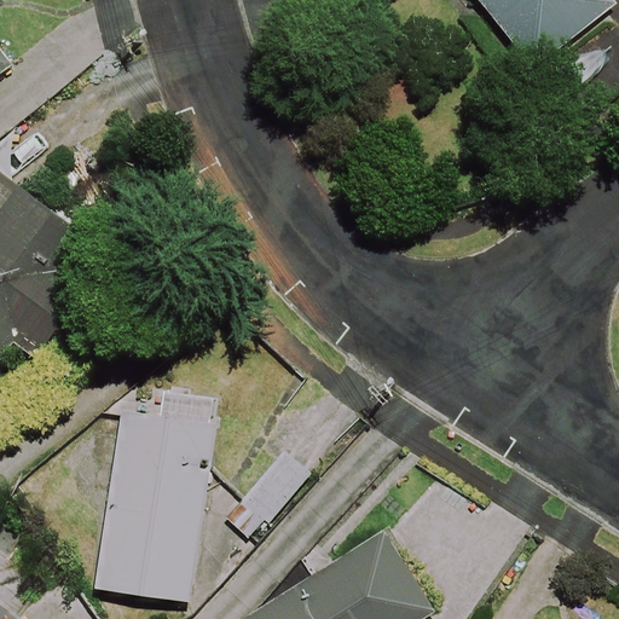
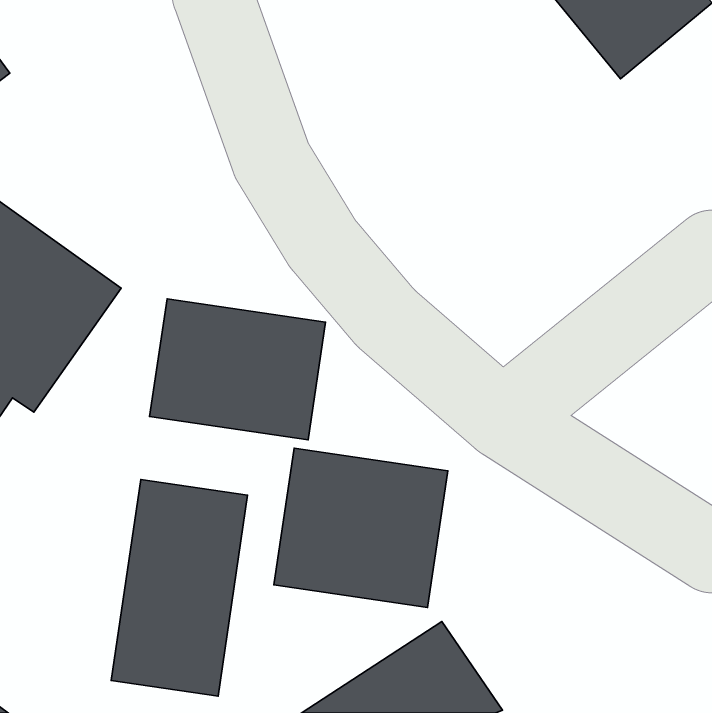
building: none -> [150,299,326,440]
building: none -> [274,448,448,607]

